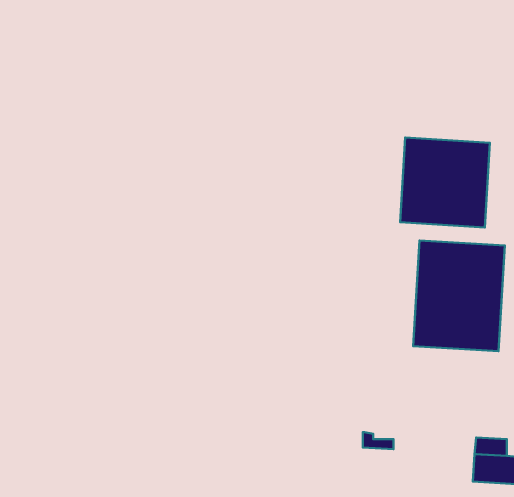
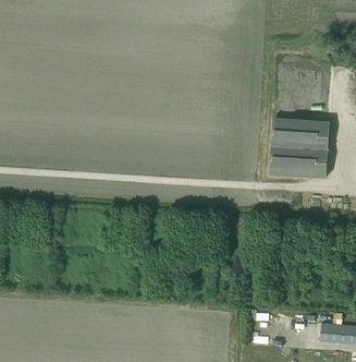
building: [413,240,505,351] -> none

